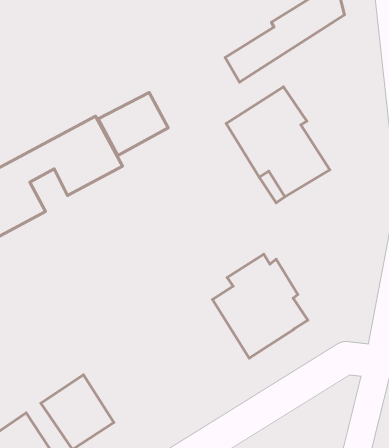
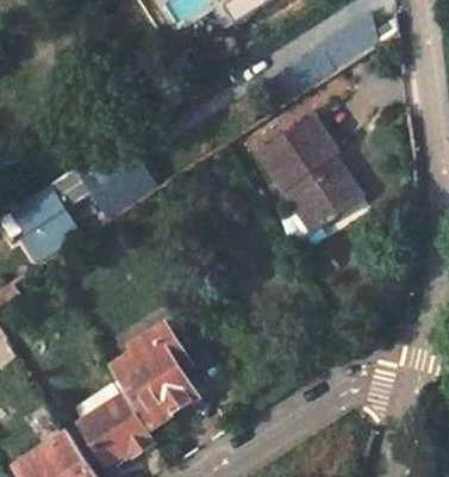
building: [98,93,168,155] -> none
building: [213,254,308,358] -> [112,323,205,425]

